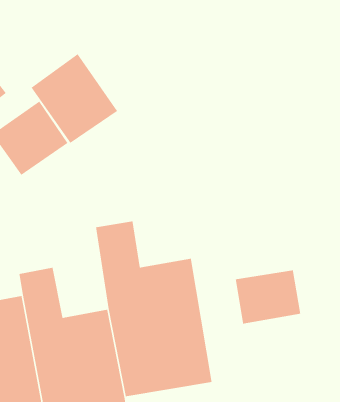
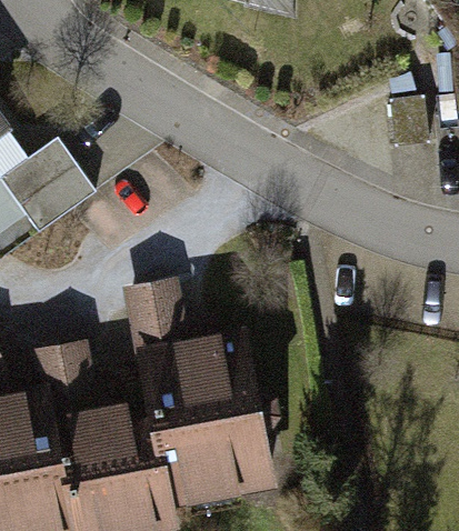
building: [30,53,118,144] -> none
building: [235,270,301,325] -> none

